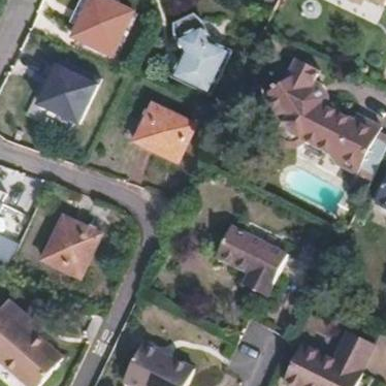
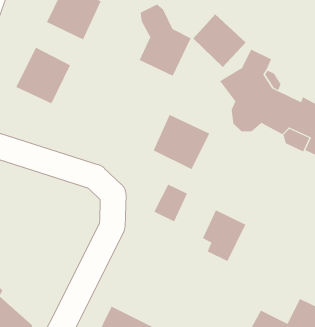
building: none -> [192,13,246,68]
building: [132,103,194,163] -> [153,114,210,170]
building: [41,217,99,278] -> none
building: [218,224,255,265] -> [153,184,188,222]

